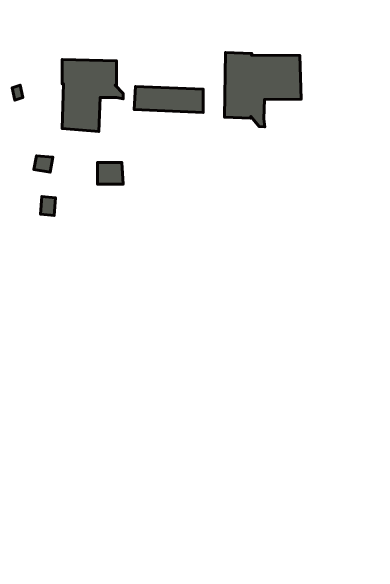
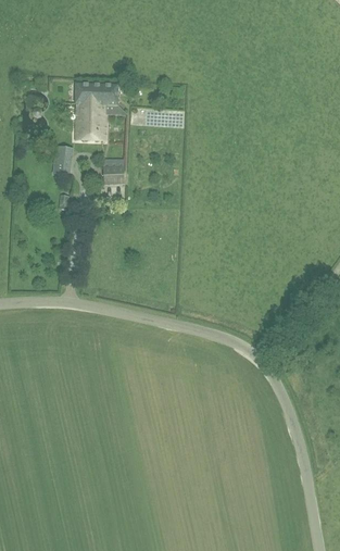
building: [224,53,301,127] -> none

